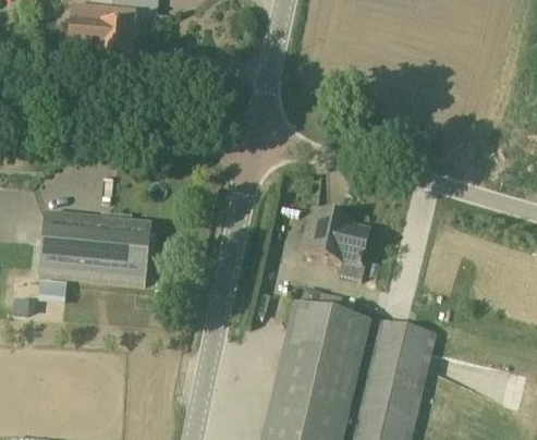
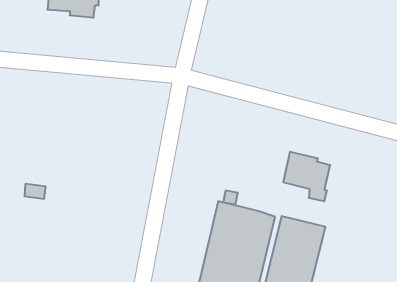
building: [39,208,152,282] -> none
building: [307,211,369,277] -> [283,152,330,201]

